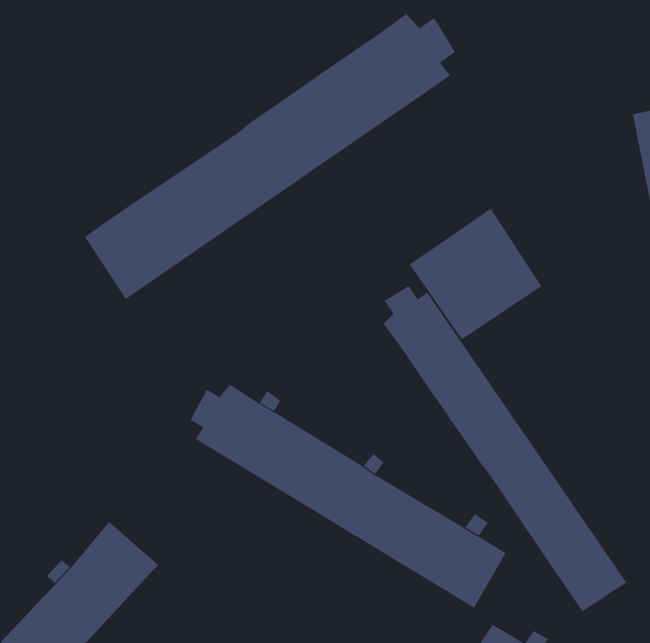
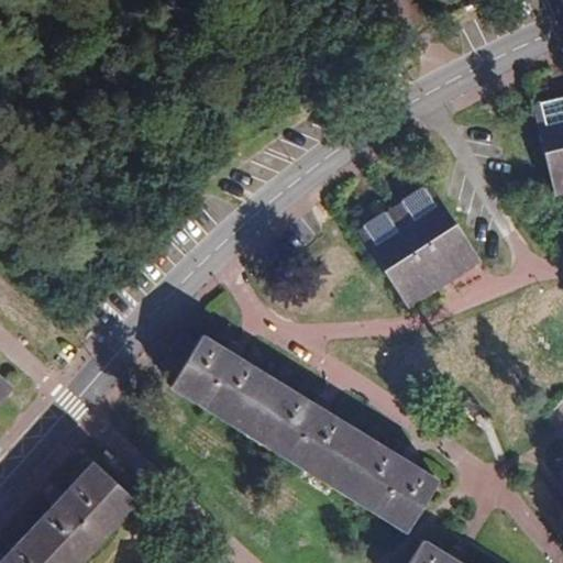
building: [84,13,456,300] -> none
building: [383,285,627,612] -> none

